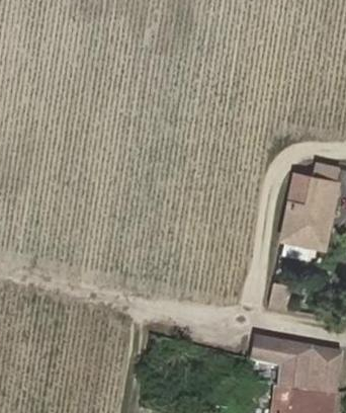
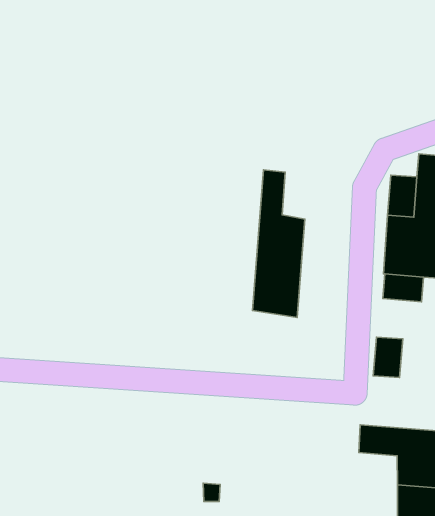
building: none -> [253,170,305,317]

